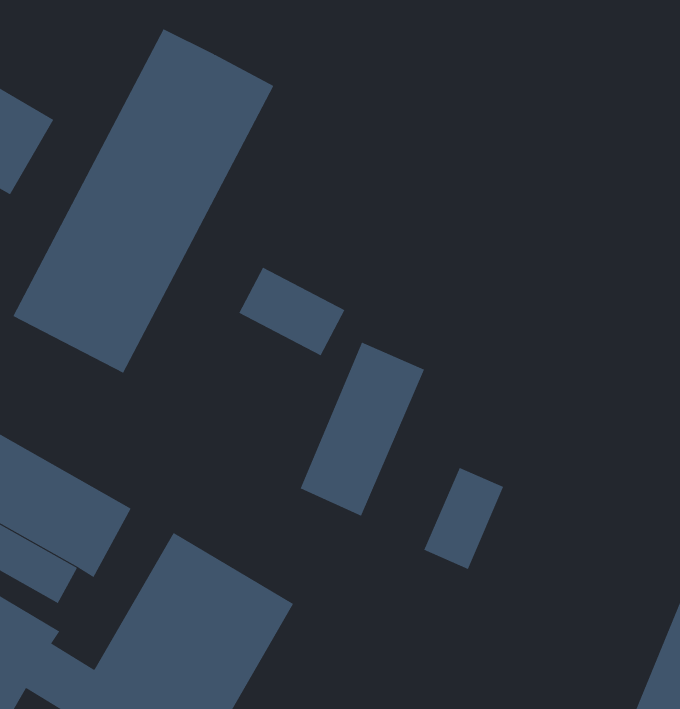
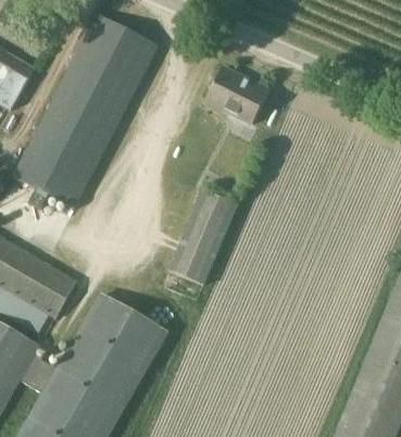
building: none -> [205,66,270,123]
building: [238,267,345,356] -> none
building: [423,467,504,570] -> none

